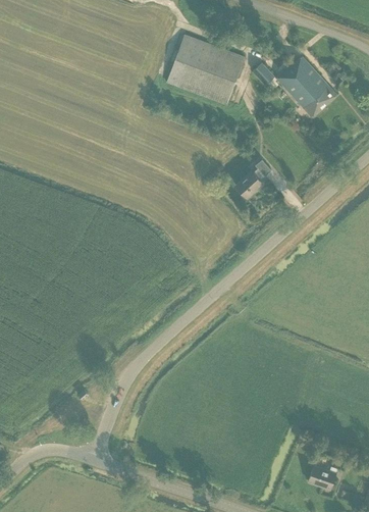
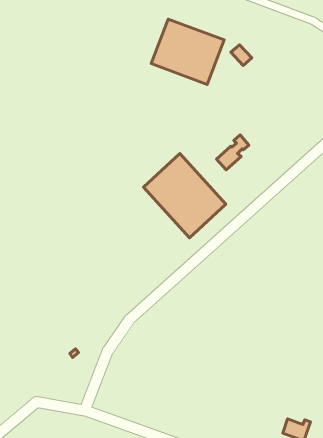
building: [276,55,336,116] -> none
building: none -> [143,154,226,238]

